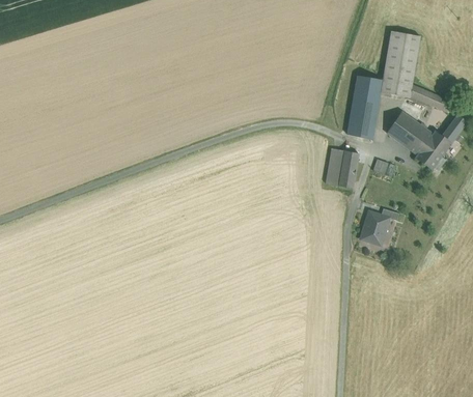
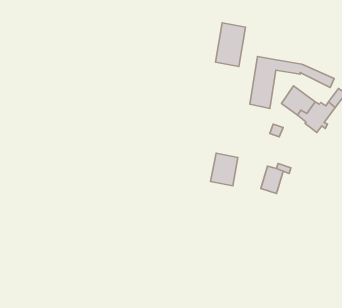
building: [383,30,420,84] -> [215,23,245,66]
building: [325,148,359,189] -> [210,153,238,186]

